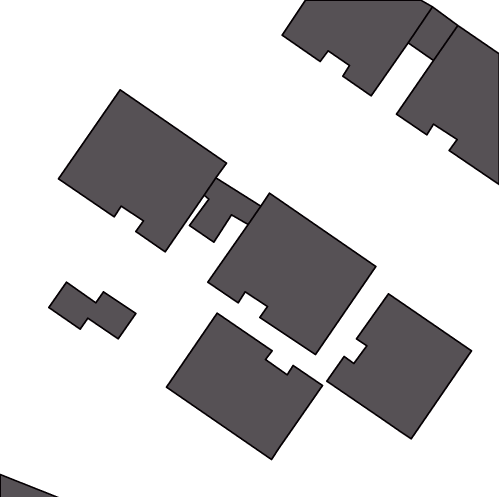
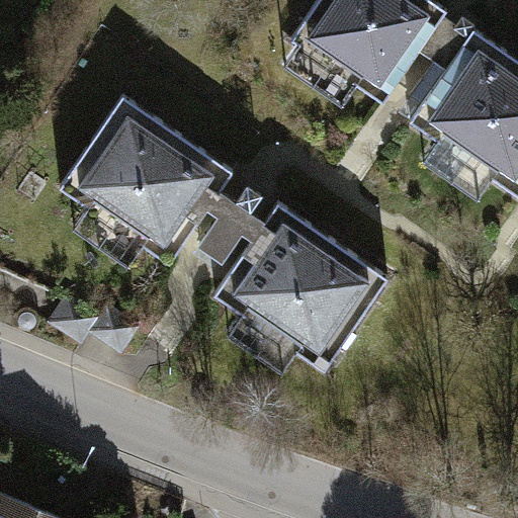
building: [327,294,472,439] -> none
building: [167,313,322,460] -> none

